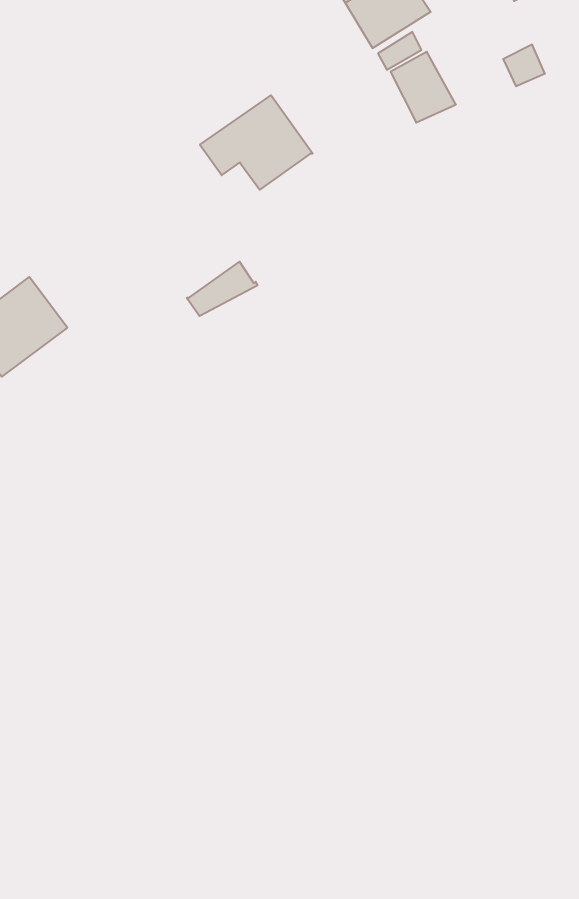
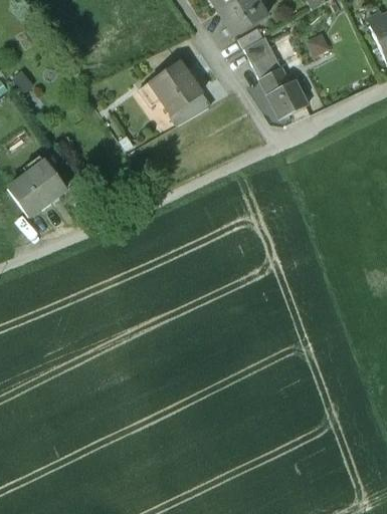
building: none -> [258,66,307,116]
building: [187,262,258,316] -> [171,93,210,123]

